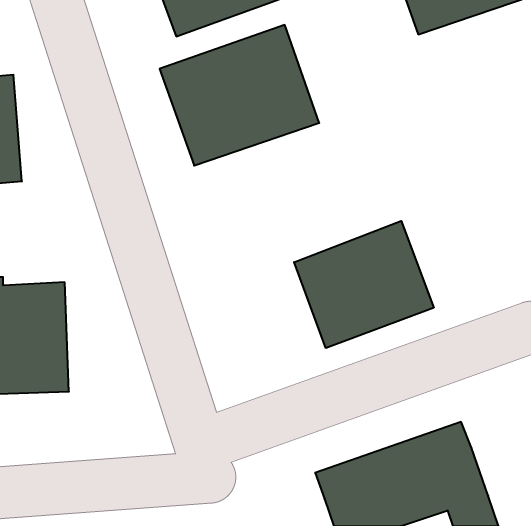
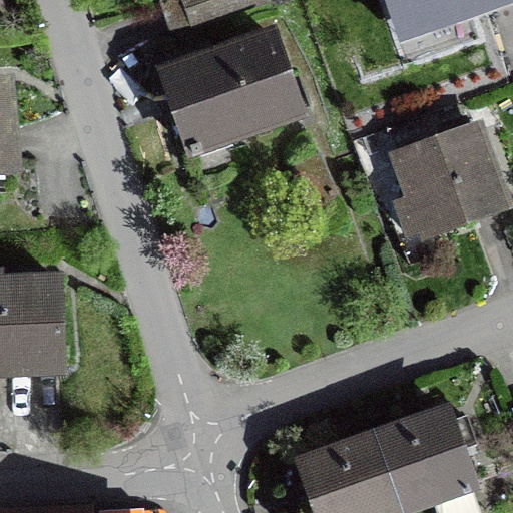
building: none -> [390,121,502,236]
building: [294,221,434,348] -> none

